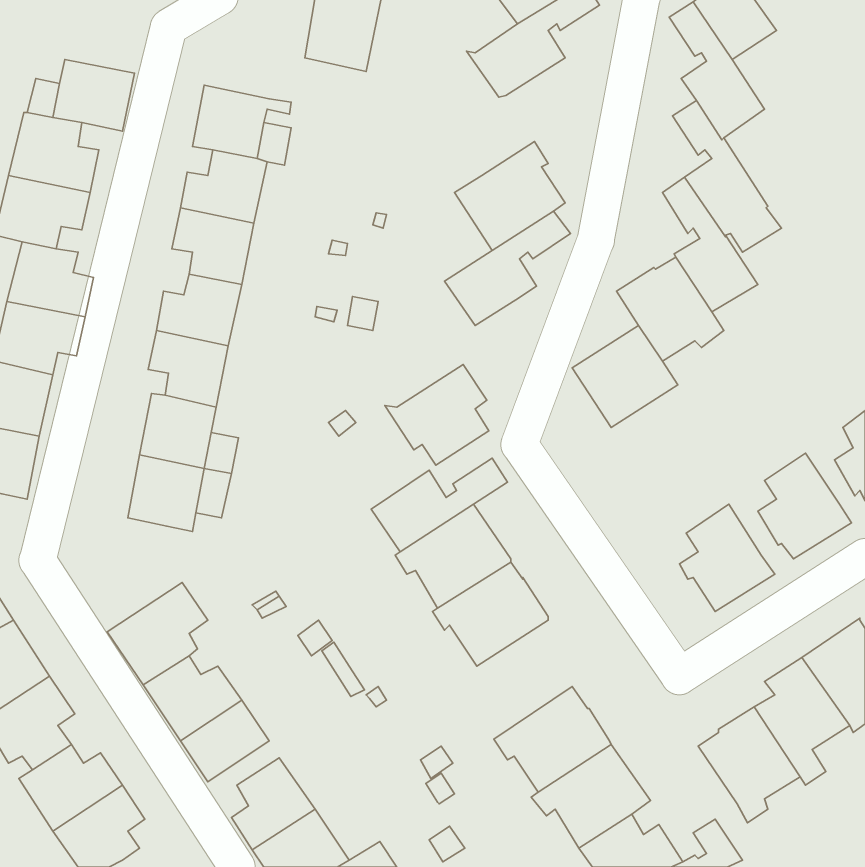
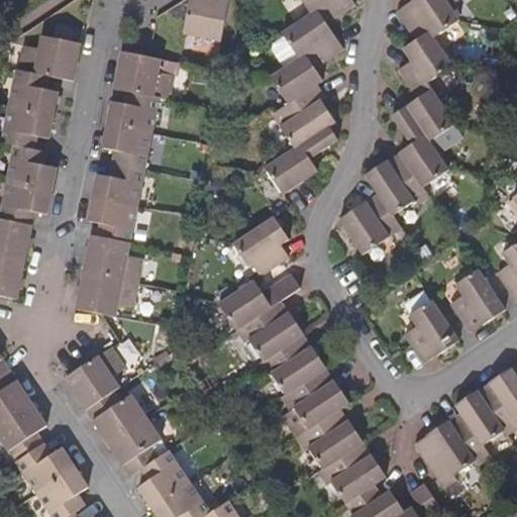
building: none -> [266,34,343,104]
building: none -> [278,368,348,438]

